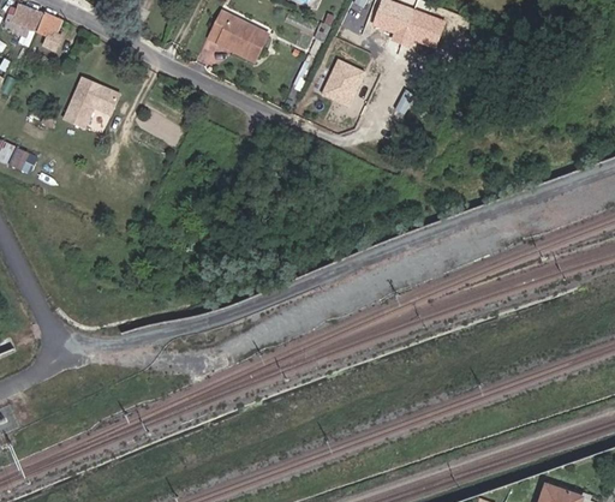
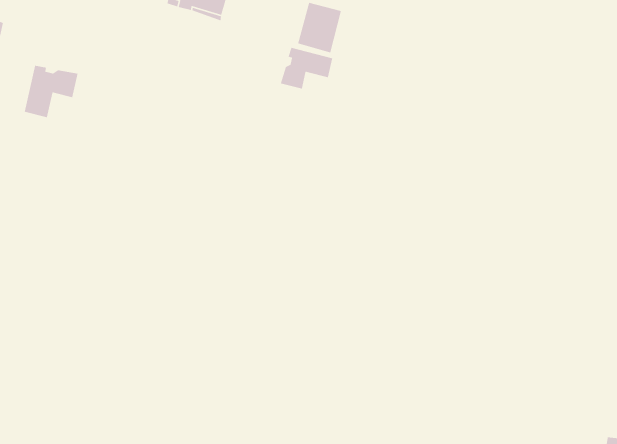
building: none -> [280,47,333,89]

